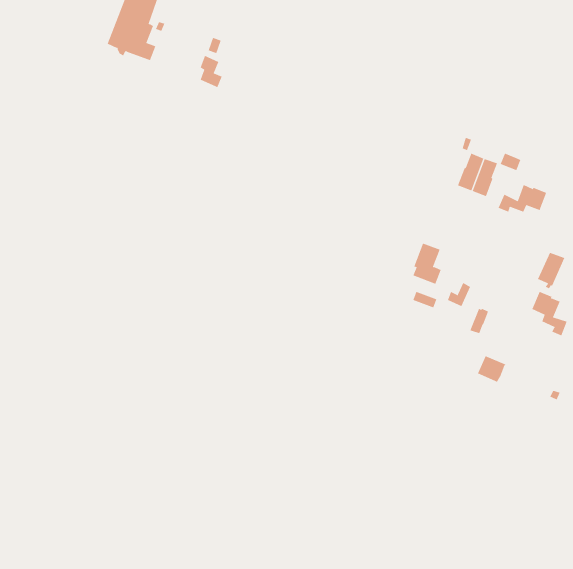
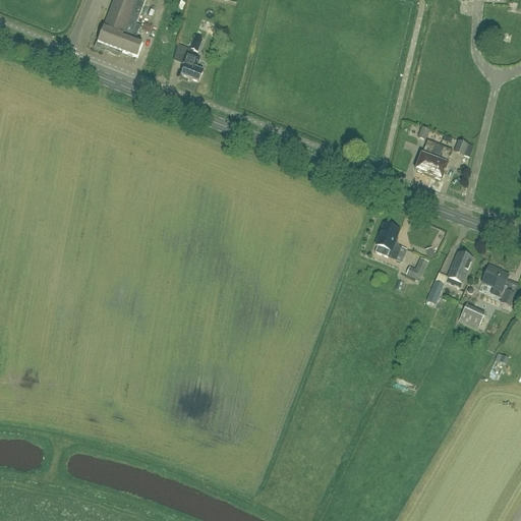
building: [498,184,547,212] -> none
building: [537,252,565,289] -> [447,250,472,284]
building: [477,355,506,382] -> [458,302,484,327]

